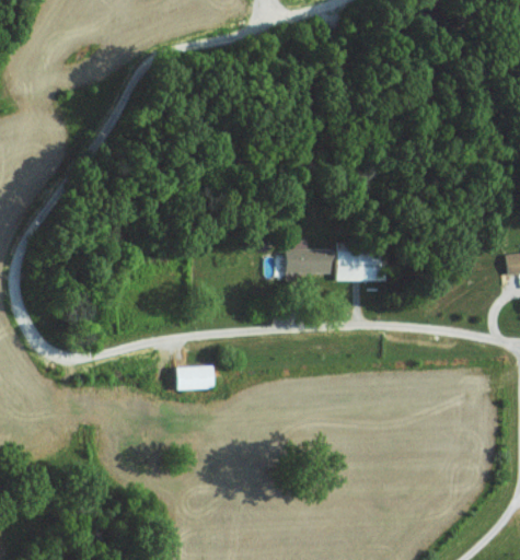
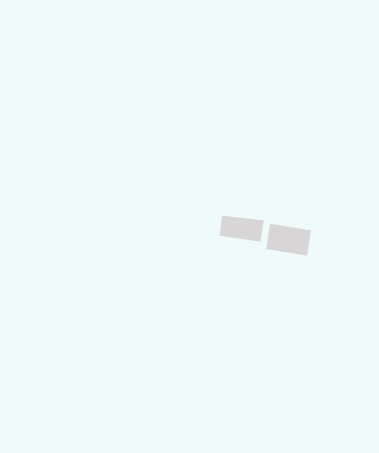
building: [177,366,216,388] -> none

